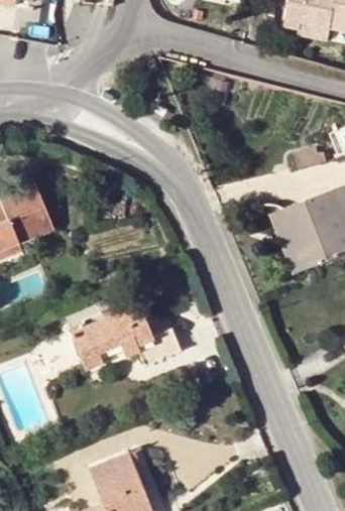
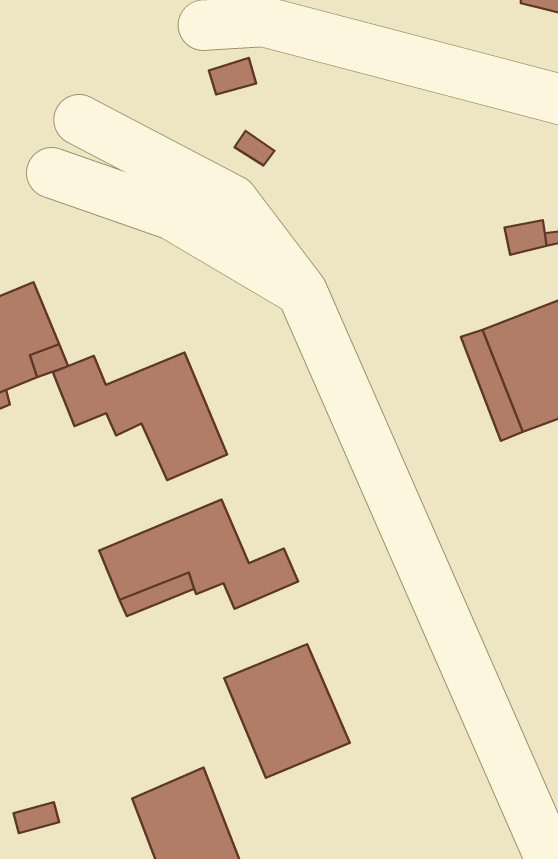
building: none -> [53,353,227,480]
building: none -> [224,644,350,778]

